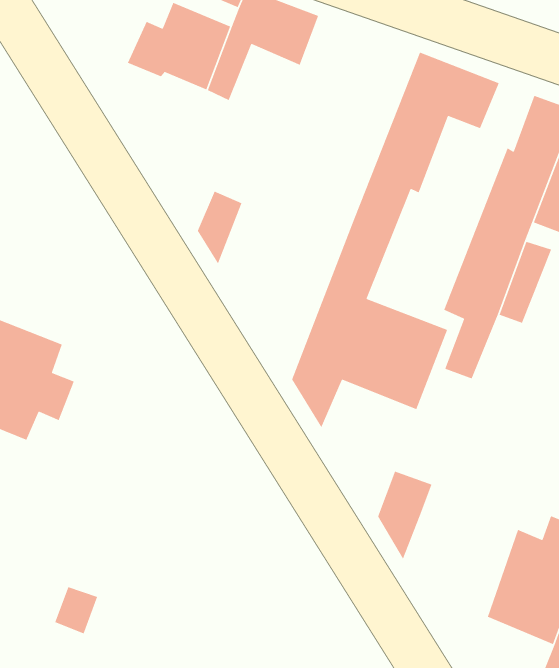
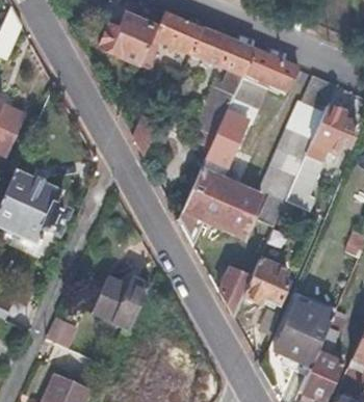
building: none -> [192,27,256,135]
building: none -> [243,259,288,304]
building: none -> [89,279,145,328]

